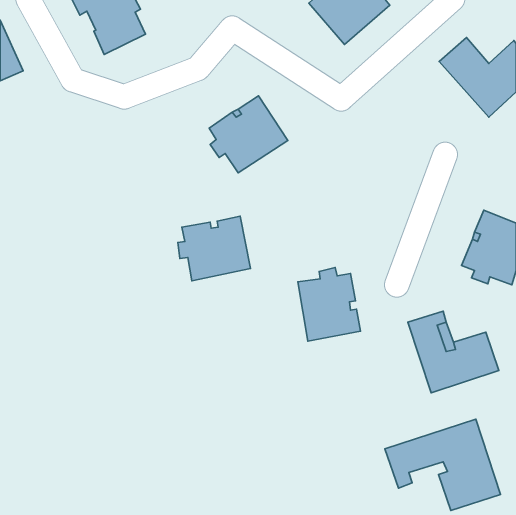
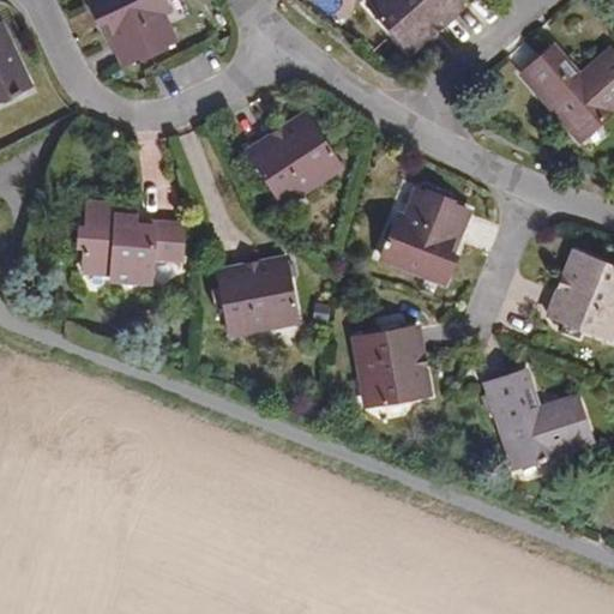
building: none -> [380,191,465,284]
building: none -> [73,204,177,282]
building: [385,419,501,510] -> none

